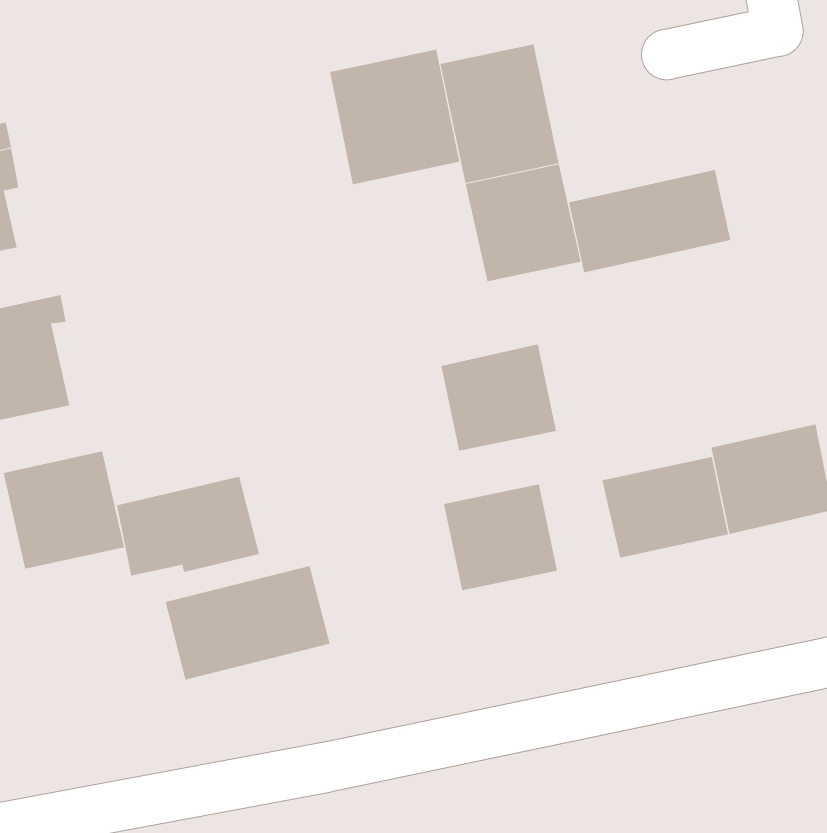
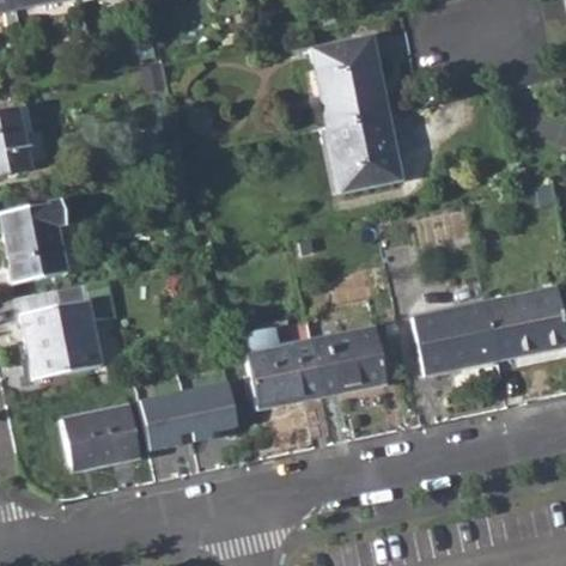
building: [329,49,460,185] -> none
building: [568,169,731,273] -> none
building: [440,344,557,451] -> [248,337,324,408]
building: [116,476,260,576] -> [48,402,142,468]

